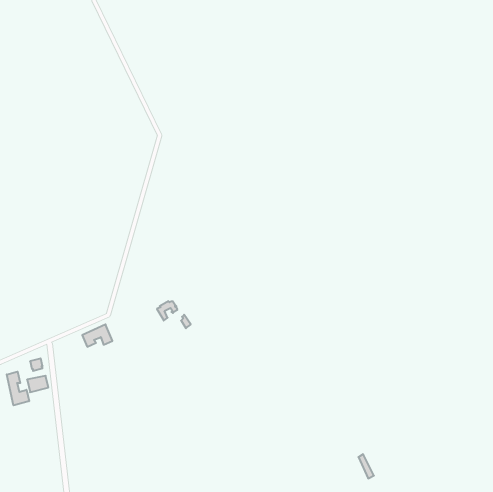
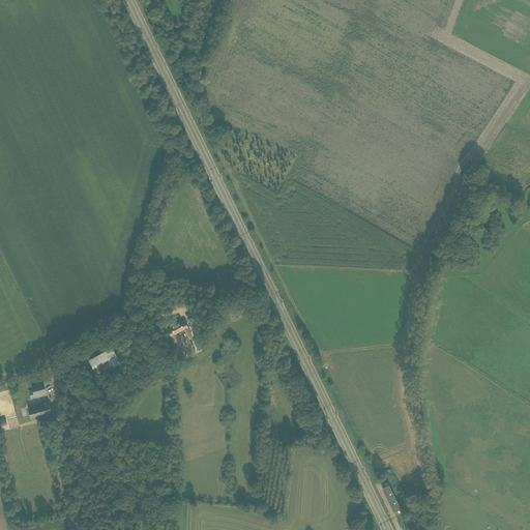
building: [7,372,29,405] -> none

